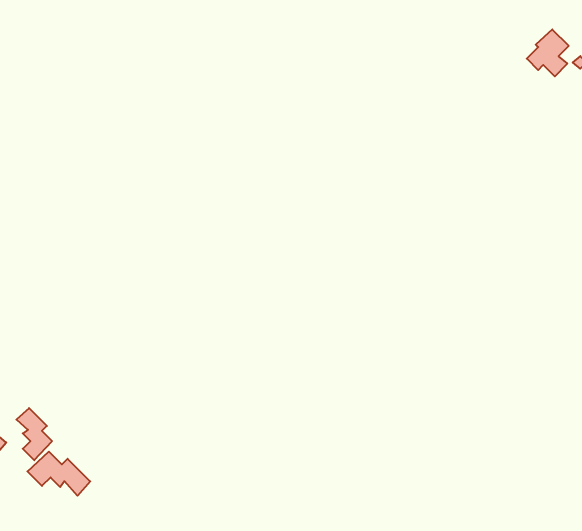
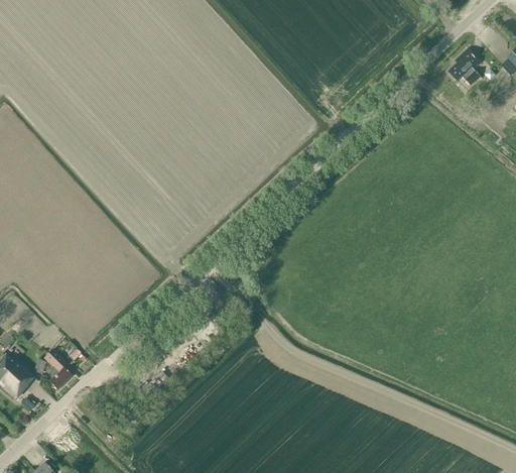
building: [27,452,90,496] -> none

